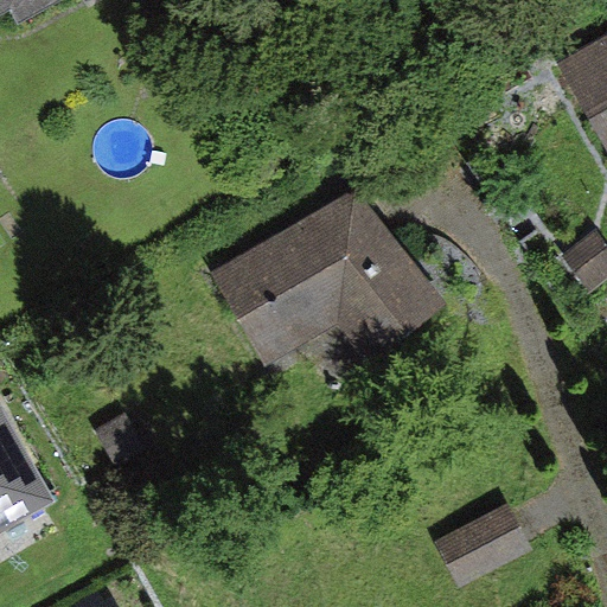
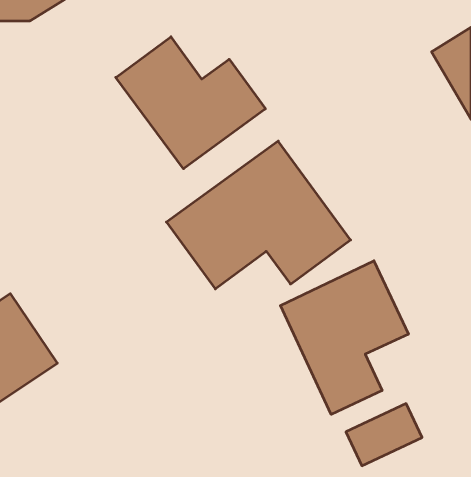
building: none -> [116,37,265,169]
building: none -> [280,261,408,414]

